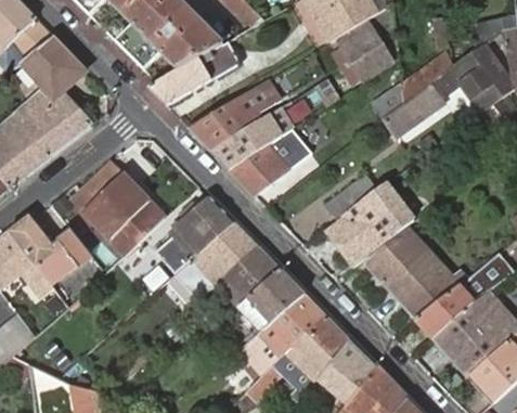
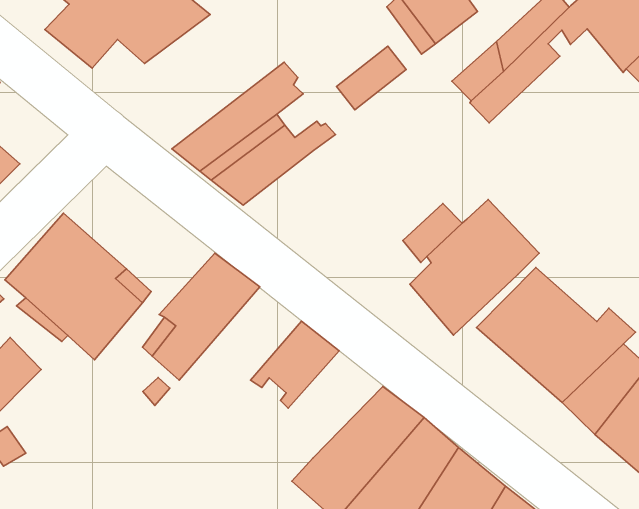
building: [148,42,238,105] -> none
building: [229,129,313,194] -> none
building: [175,221,257,299] -> none
building: [240,268,303,334] -> none

